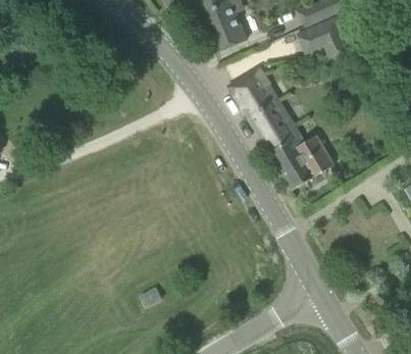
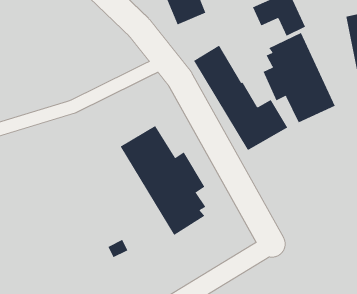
building: none -> [263,32,335,123]
building: none -> [120,125,206,236]

